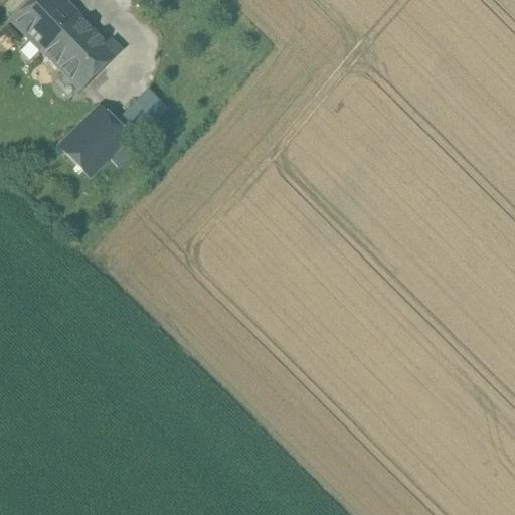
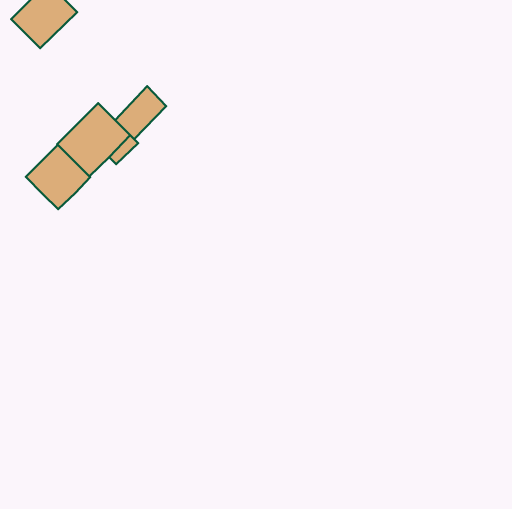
building: [40,12,122,90] -> none
building: none -> [26,145,90,209]

